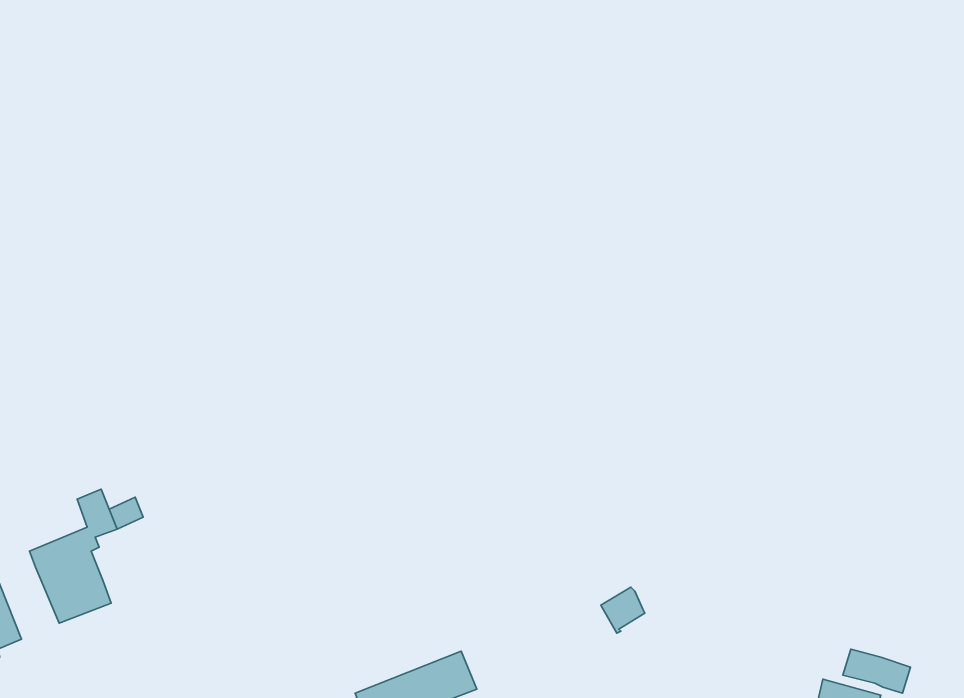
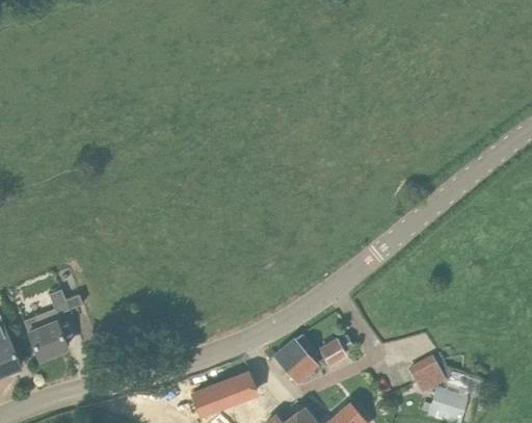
building: none -> [275,336,316,380]
building: none -> [409,354,447,392]

